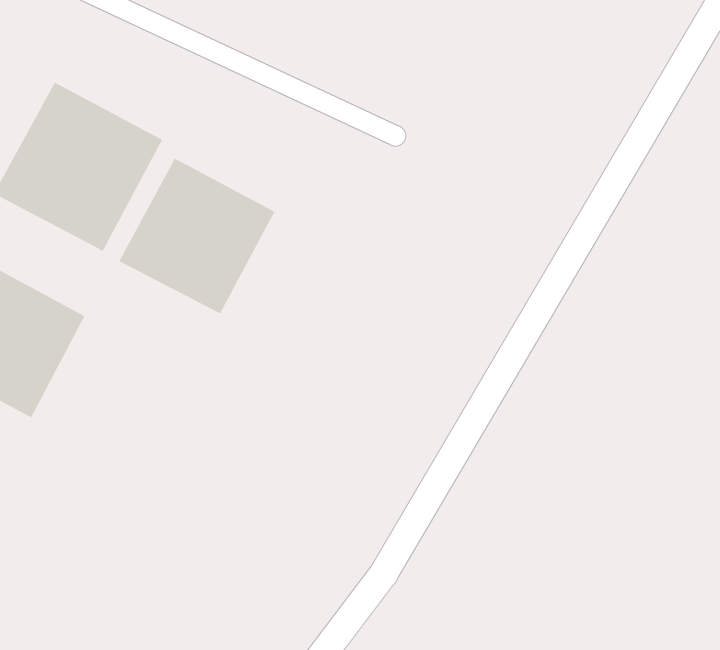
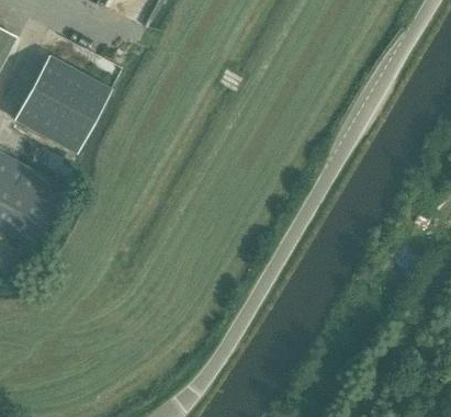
building: [118,157,275,314] -> none

